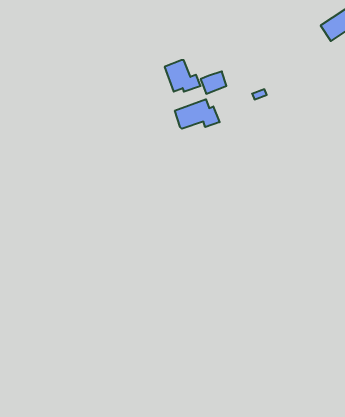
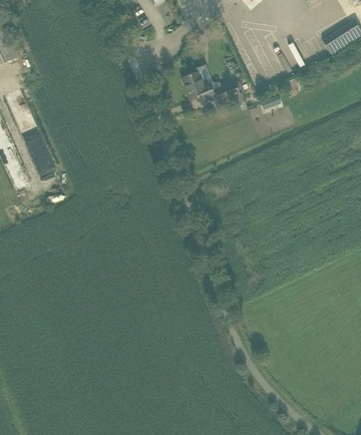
building: [175,99,220,129] -> none

